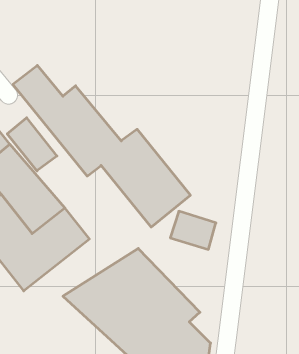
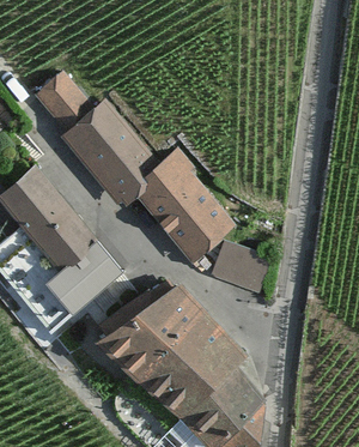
building: [7,118,57,171] -> none

